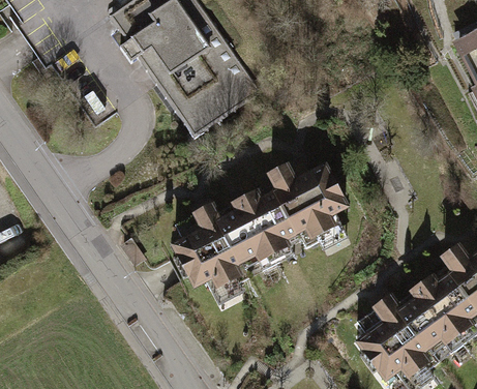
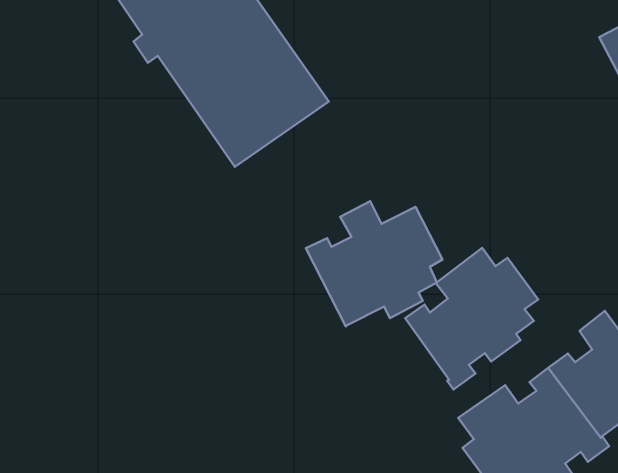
building: none -> [405,248,538,389]
building: [174,197,279,290] -> none

